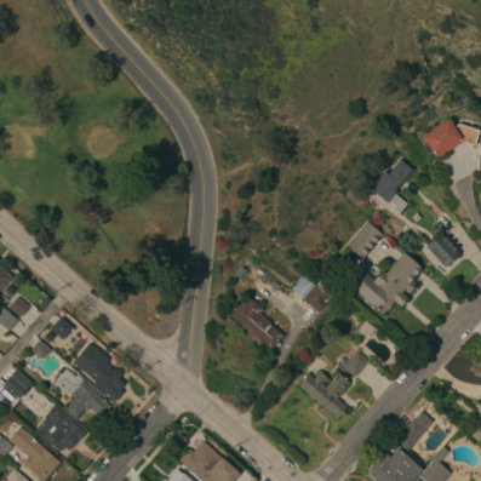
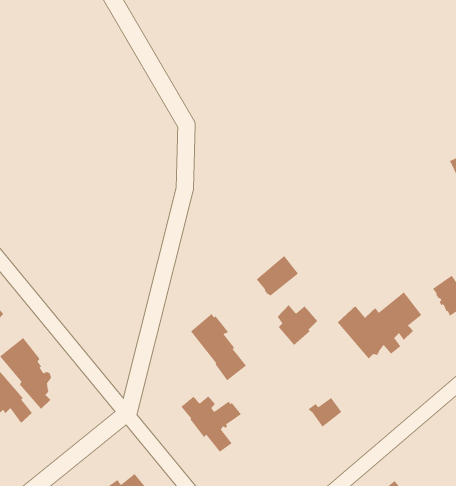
building: [371,158,416,212] -> none
building: [348,222,383,258] -> [256,255,299,296]
building: [299,371,351,417] -> [180,395,242,452]

